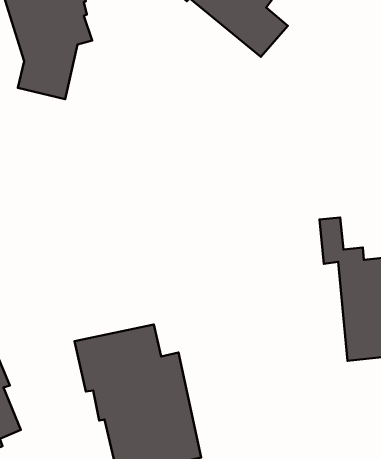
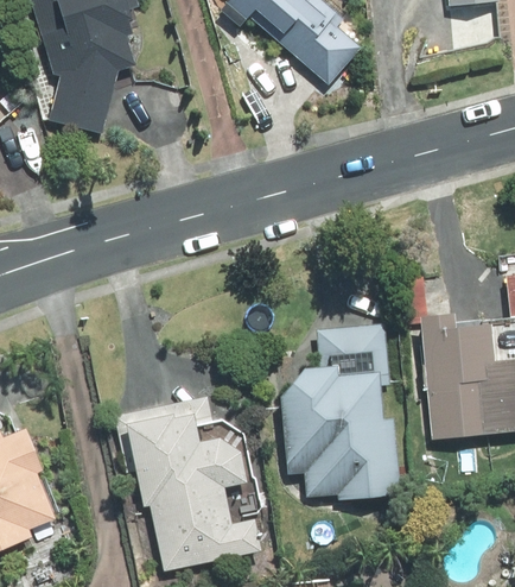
building: none -> [278,322,399,499]

